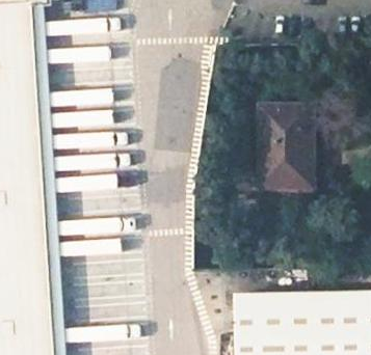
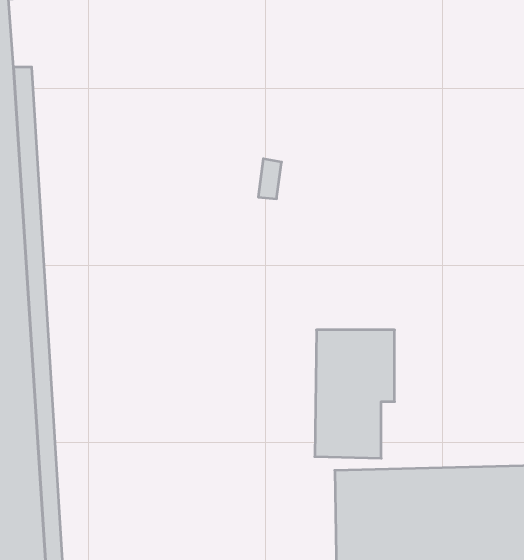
building: [261,106,311,186] -> [315,330,395,458]

